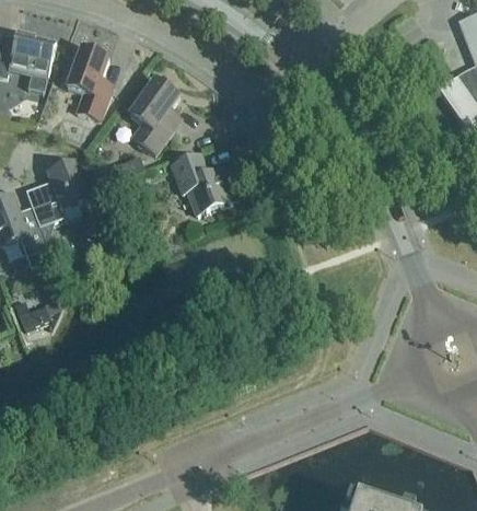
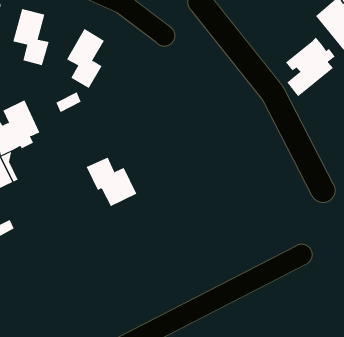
building: none -> [285,37,335,97]
building: [171,153,231,214] -> [86,157,137,207]

